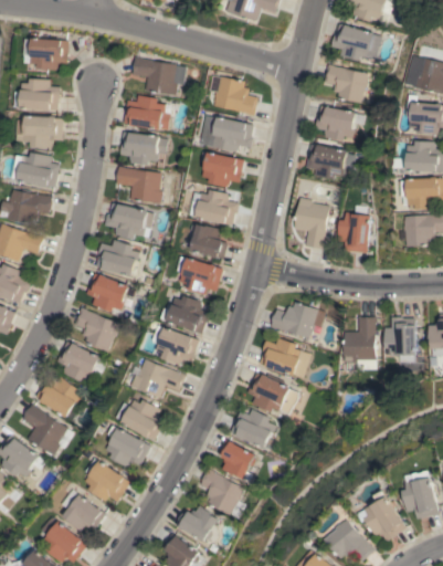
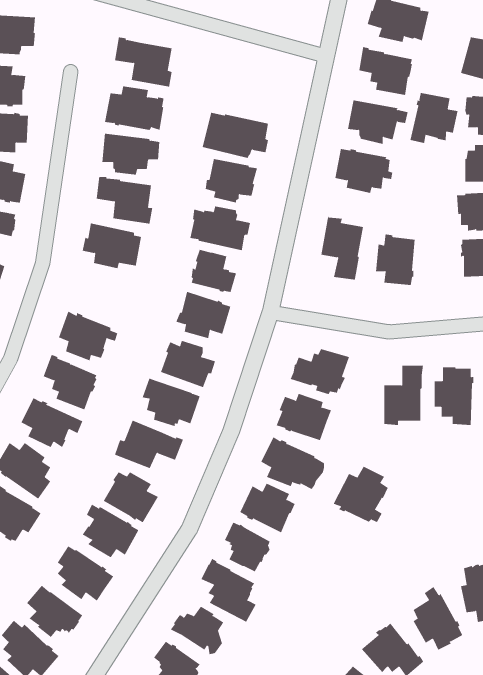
building: [210,75,257,116] -> none
building: none -> [410,92,458,144]
building: [96,240,139,277] -> none
building: none -> [333,466,388,523]

